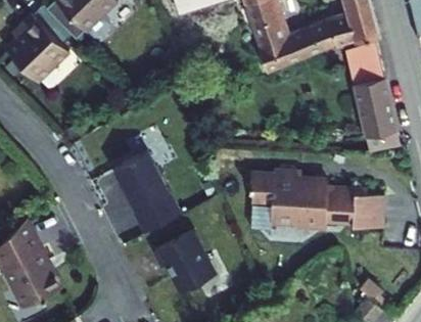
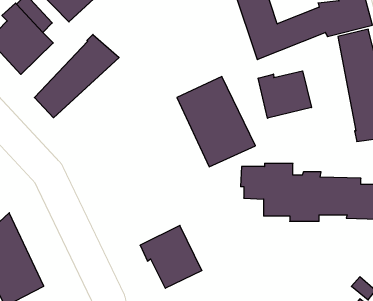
building: none -> [34,34,119,118]
building: none -> [258,71,311,118]
building: [109,153,186,241] -> [177,77,255,167]

